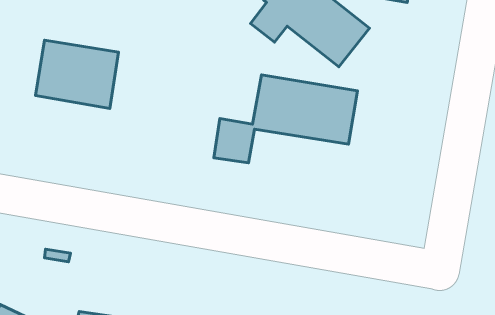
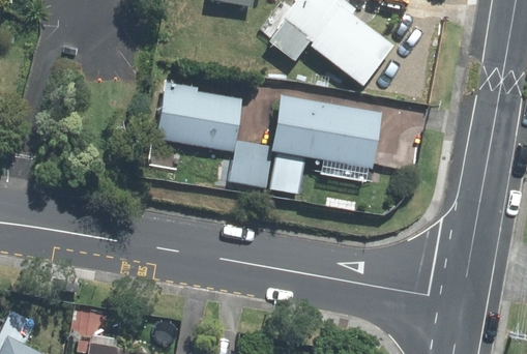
building: [35,40,119,108] -> [156,80,243,151]

